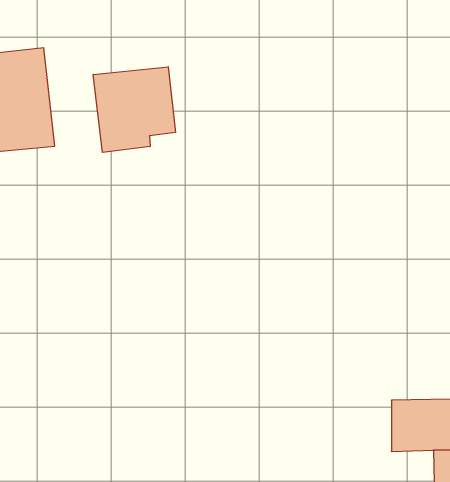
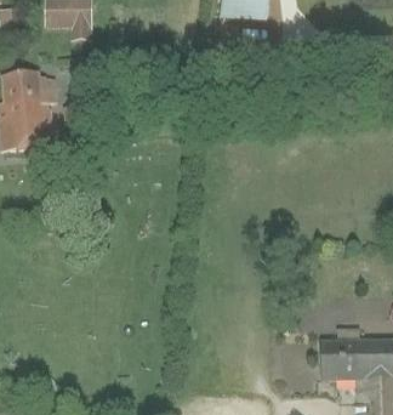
building: [93,67,175,152] -> none

